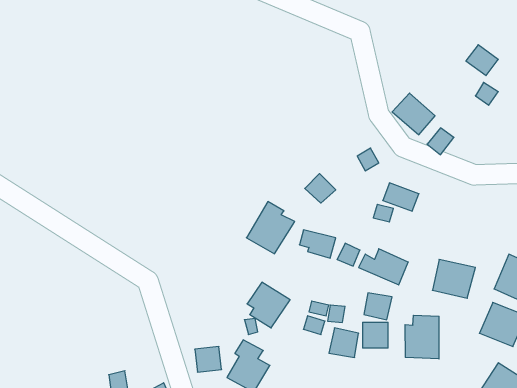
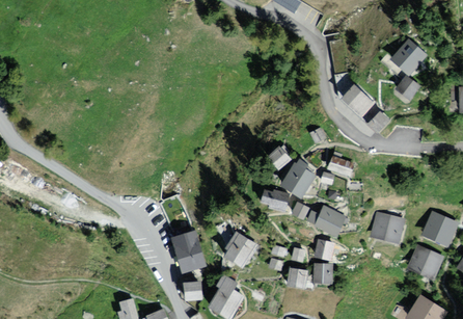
building: [246,202,295,254] -> [284,157,322,197]
building: none -> [175,240,207,274]
building: [405,315,439,359] -> none

